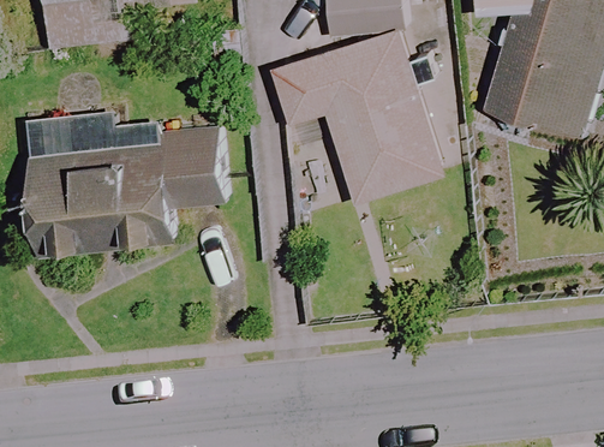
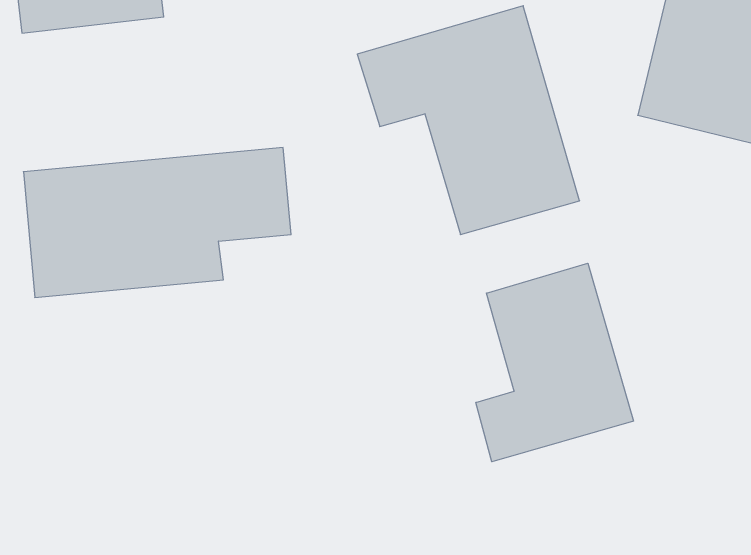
building: none -> [476,263,633,462]

